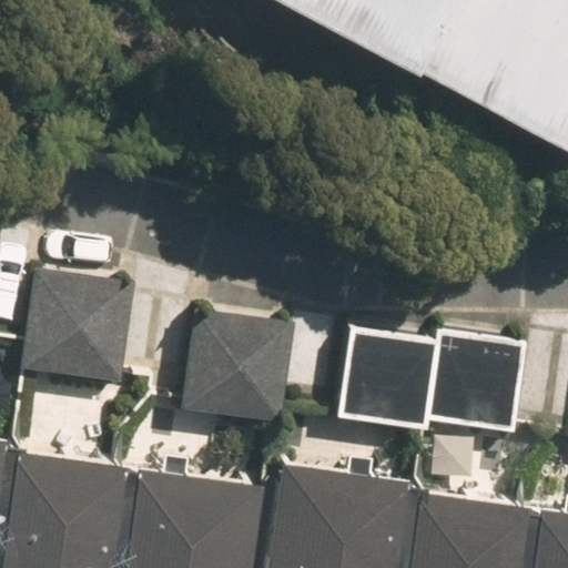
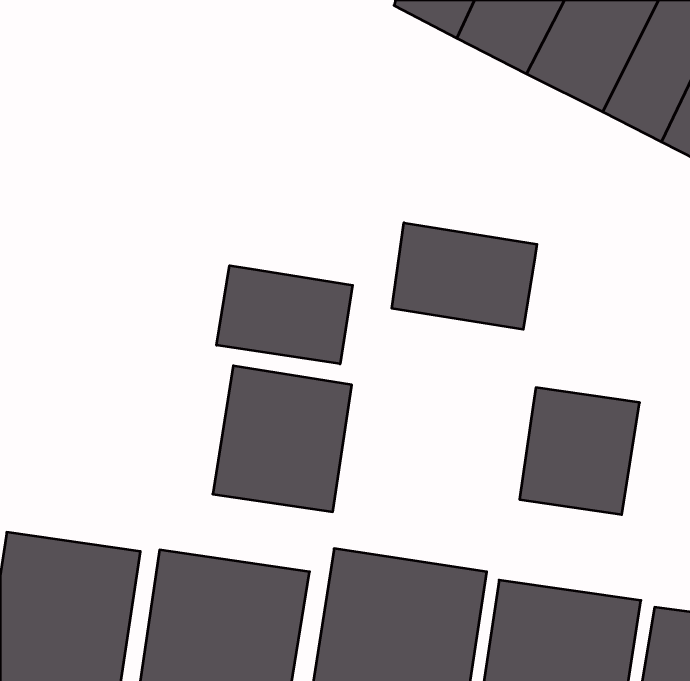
building: none -> [392,223,537,329]
building: none -> [217,266,353,364]
building: [22,273,132,383] -> none
building: [335,329,439,437] -> none

